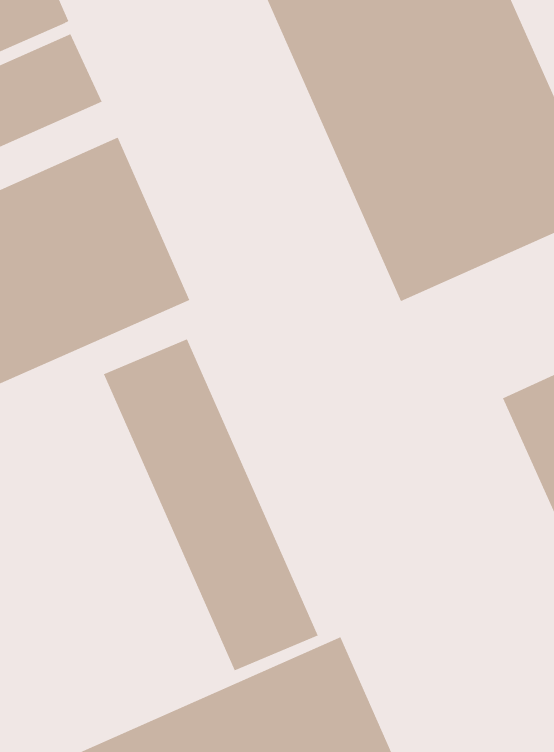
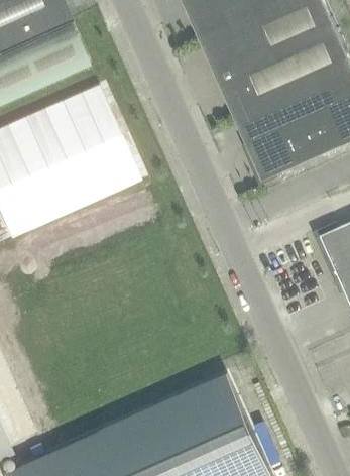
building: [103,338,318,671] -> none

